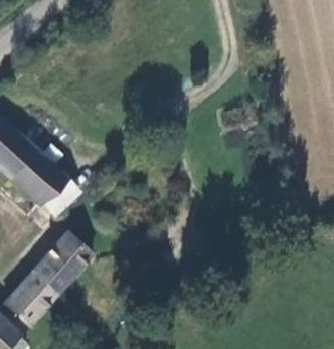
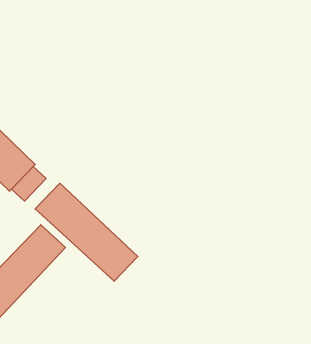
building: none -> [35,183,138,281]

